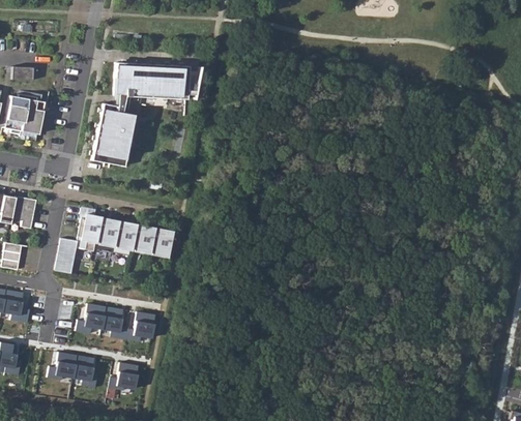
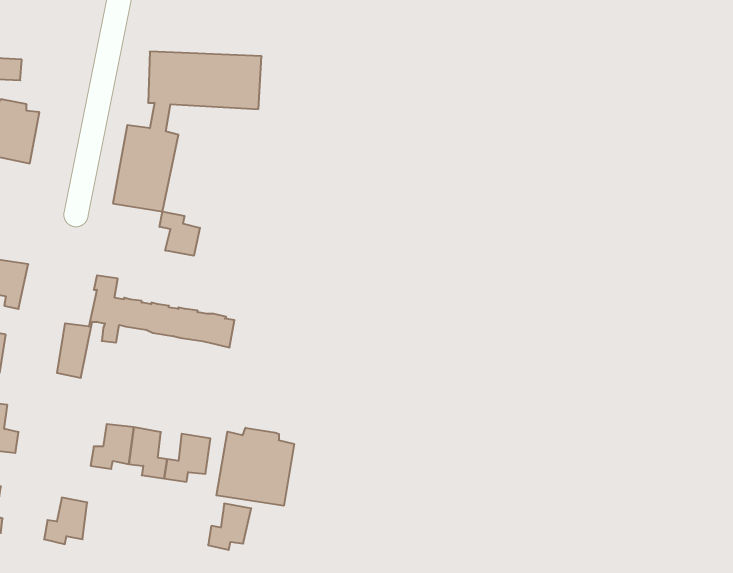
building: none -> [160,211,200,256]
building: none -> [216,428,294,506]
building: [73,354,97,387] -> none
building: [110,361,138,391] -> [208,504,251,550]

